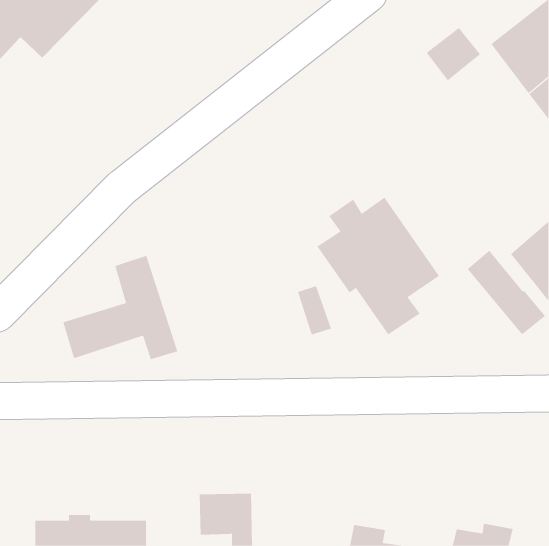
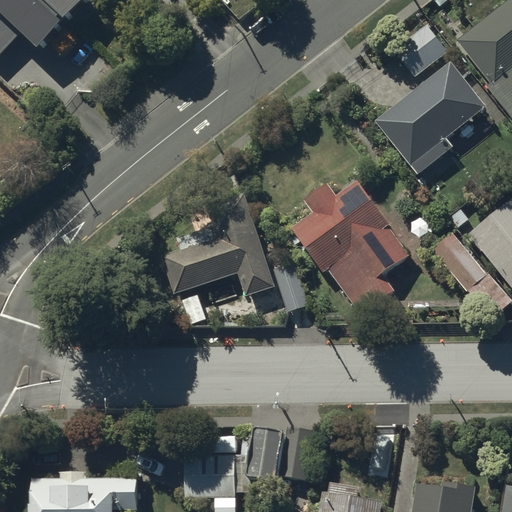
building: none -> [376,64,484,174]
building: [63,255,178,360] -> [164,196,271,293]
building: none -> [247,426,283,481]

